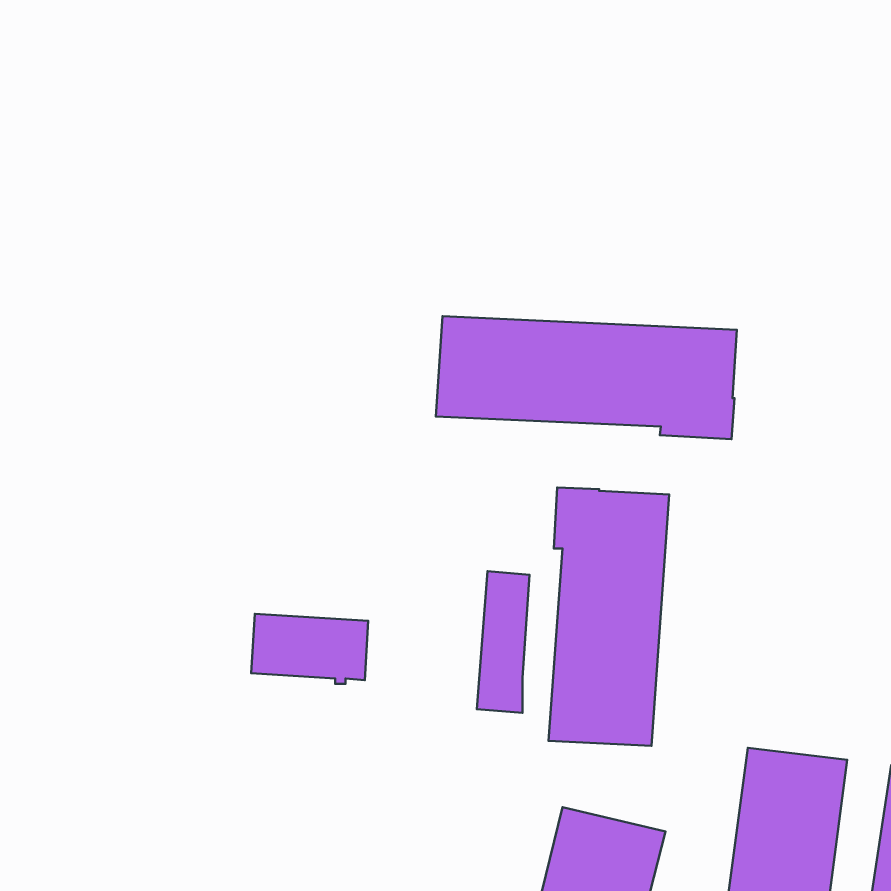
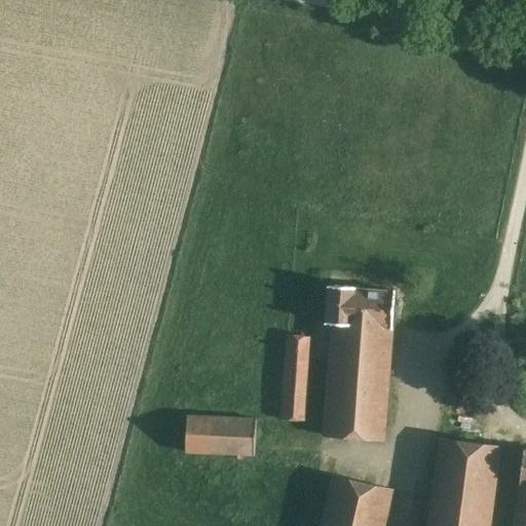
building: [436,316,737,439] -> none
building: [251,614,368,684] -> [186,417,255,458]

